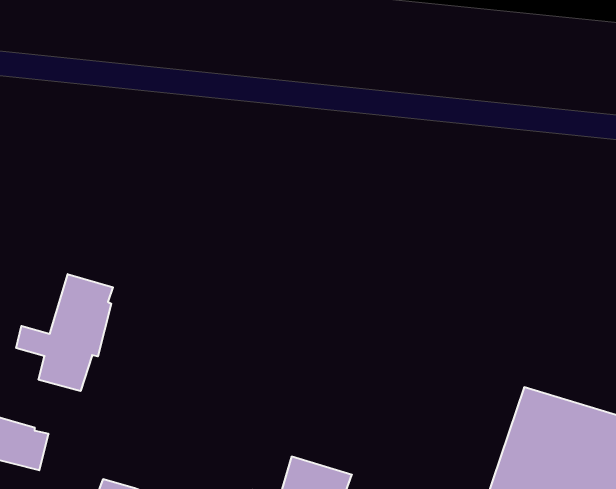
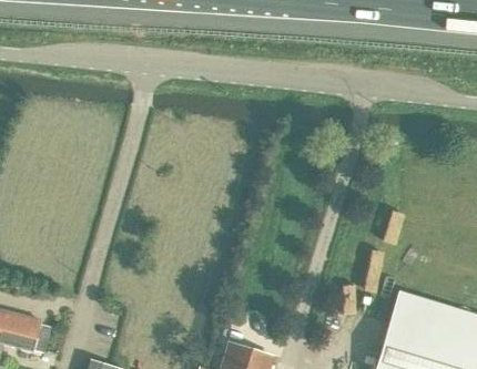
building: [16,274,113,391] -> none

